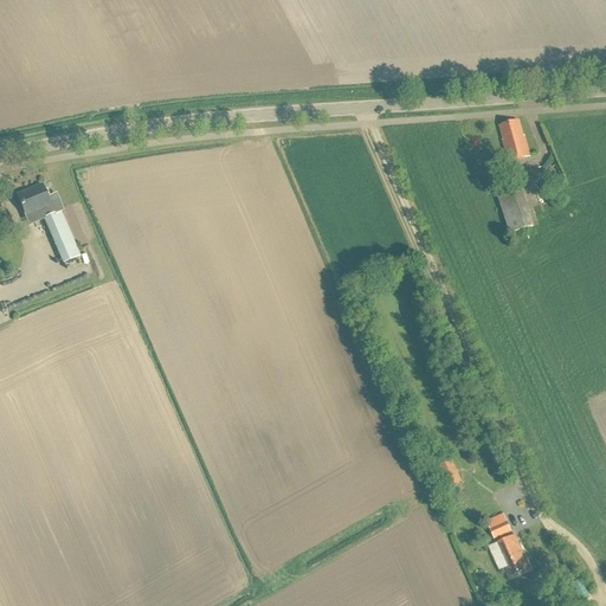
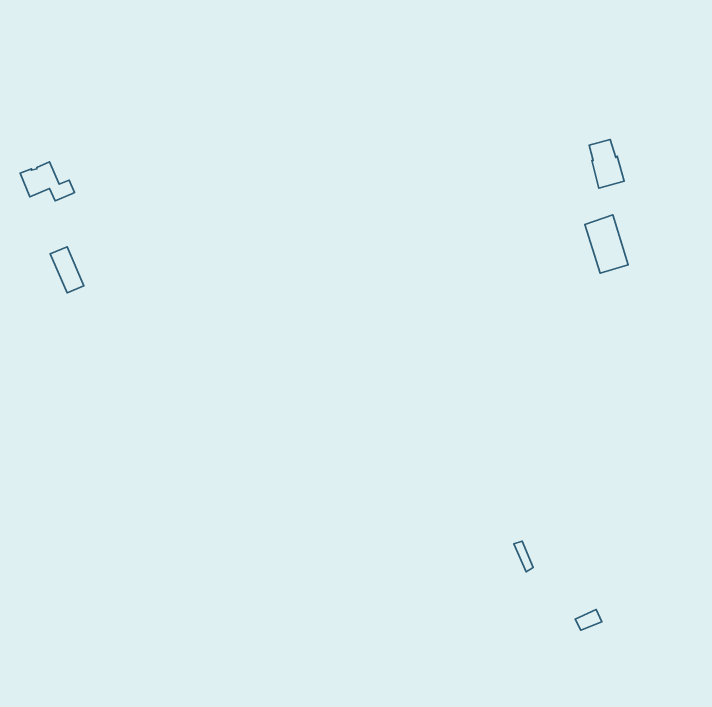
building: [15,181,62,214] -> [20,162,75,201]
building: [495,531,529,570] -> none

